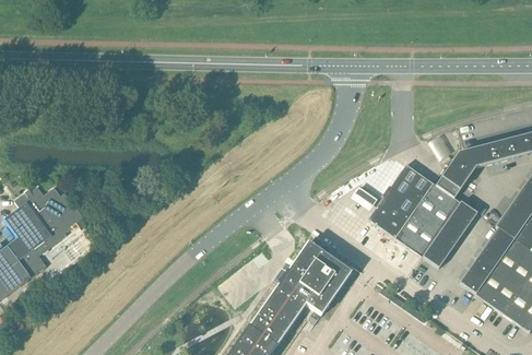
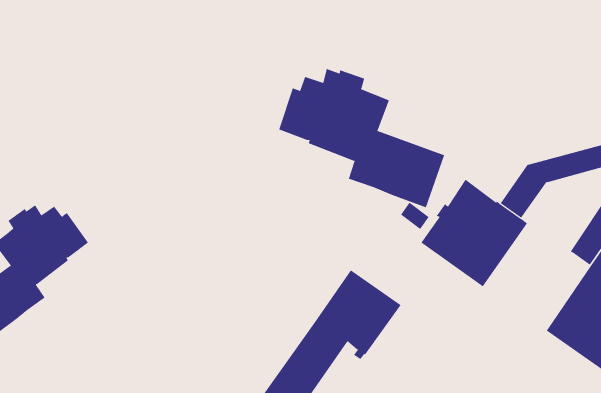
building: none -> [278,68,445,208]
building: [422,201,477,268] -> none
building: [460,227,513,293] -> none

